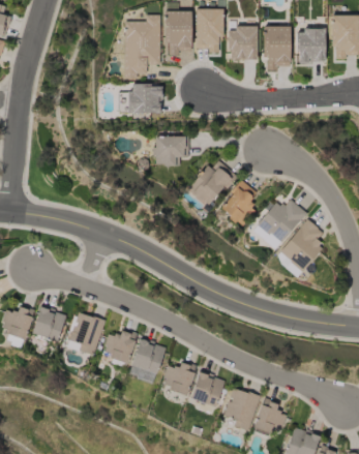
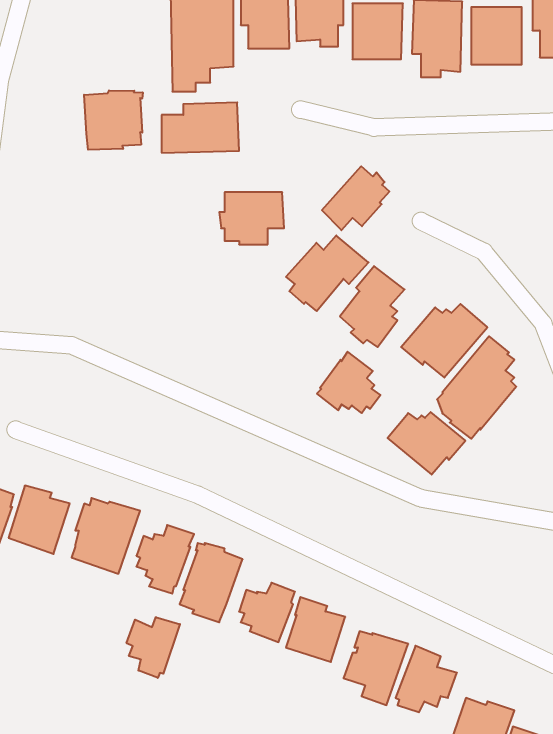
building: none -> [84,90,143,150]
building: none -> [322,166,389,230]
building: none -> [317,352,380,413]
building: none -> [388,412,465,475]
building: none -> [127,617,180,678]

